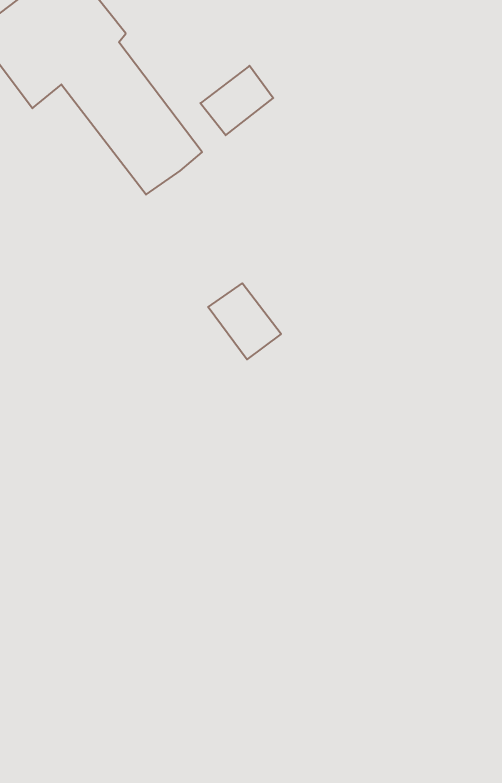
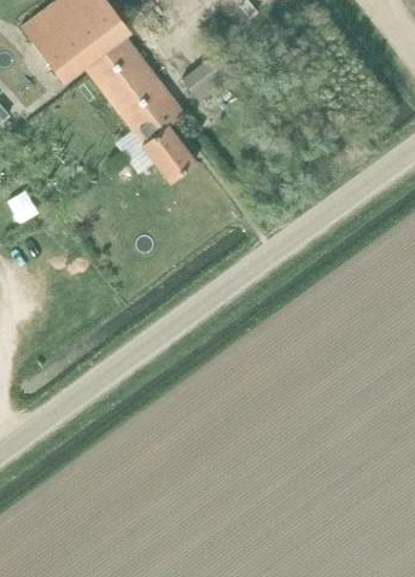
building: [208,283,281,359] -> [144,127,195,181]

